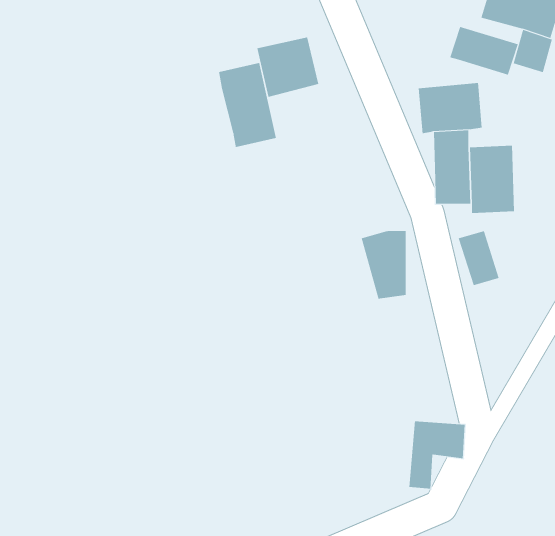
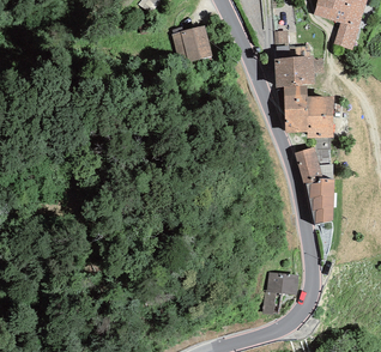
building: [450,26,518,76] -> none
building: [218,62,277,148] -> none
building: [361,231,406,299] -> [308,178,337,221]

